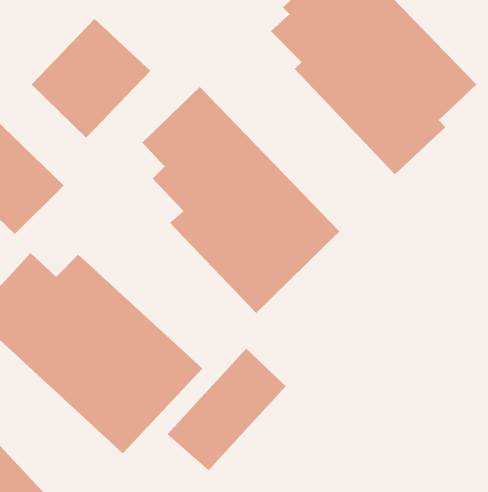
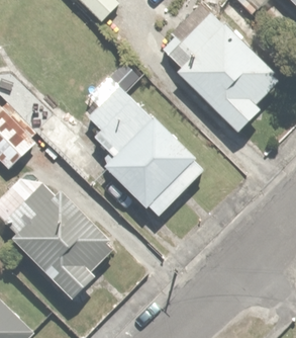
building: [31,18,151,139] -> none
building: [166,348,287,471] -> none

